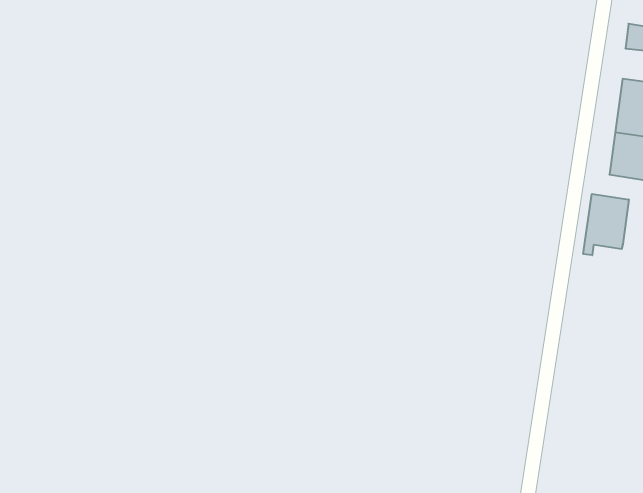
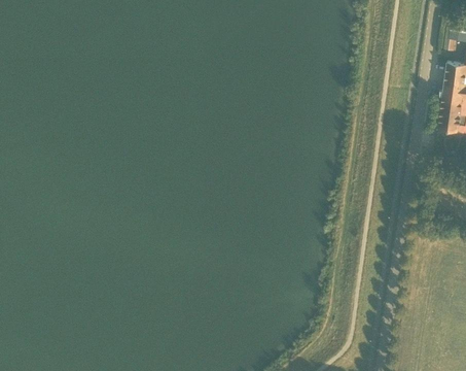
building: [583,194,629,255] -> none

